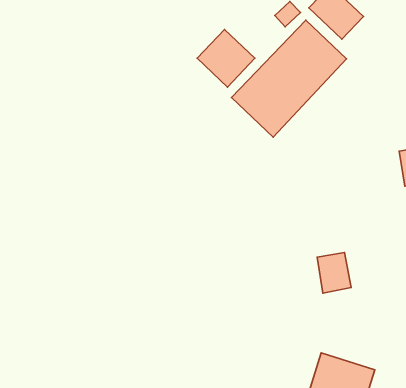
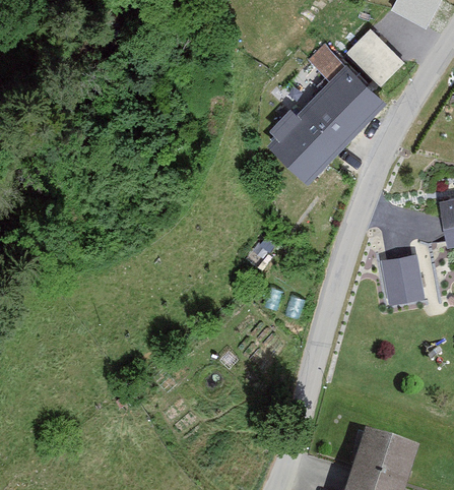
building: [197,29,255,87] -> none
building: [317,252,351,293] -> [384,258,420,302]

